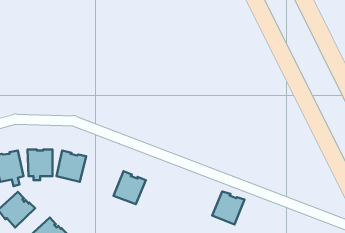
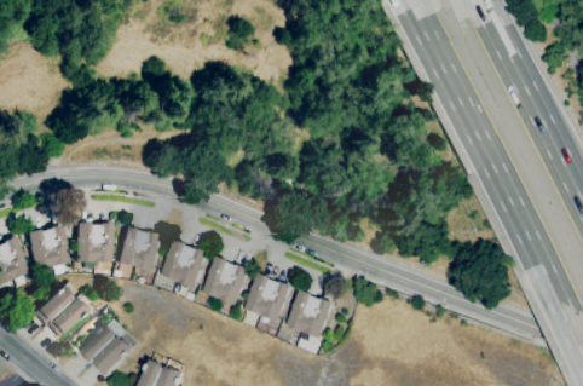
building: none -> [158,240,206,288]
building: none -> [242,273,289,322]
building: [212,191,244,224] -> [284,290,331,339]

